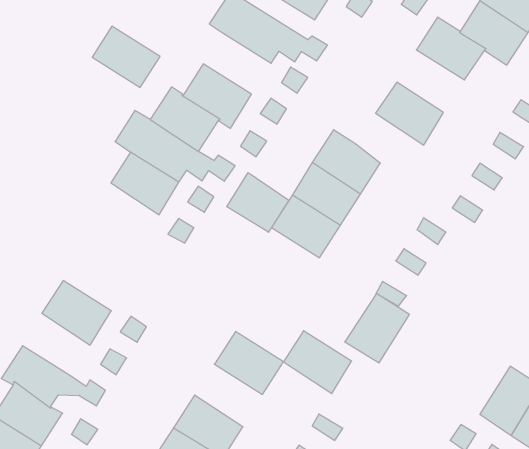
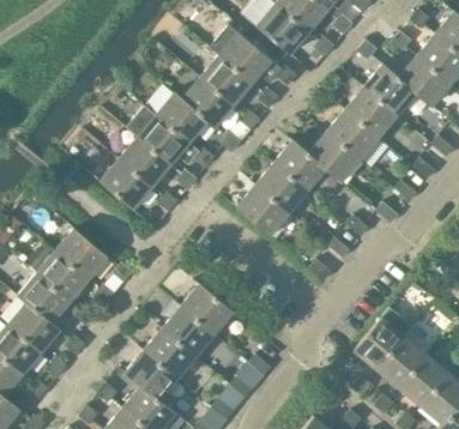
building: [92,26,160,87] -> [201,55,253,104]
building: none -> [346,86,398,137]
building: none -> [309,131,361,182]
building: [227,173,289,232] -> none
building: none -> [101,158,153,210]
building: [345,294,409,363] -> [354,316,405,369]
building: none -> [31,246,89,301]
building: [284,331,352,394] -> [163,306,215,356]

